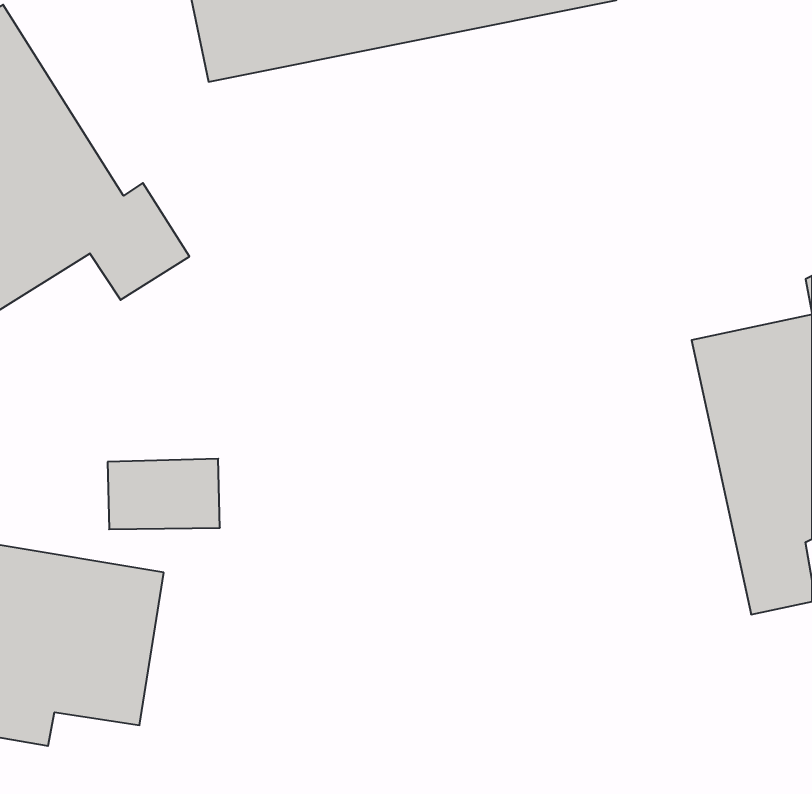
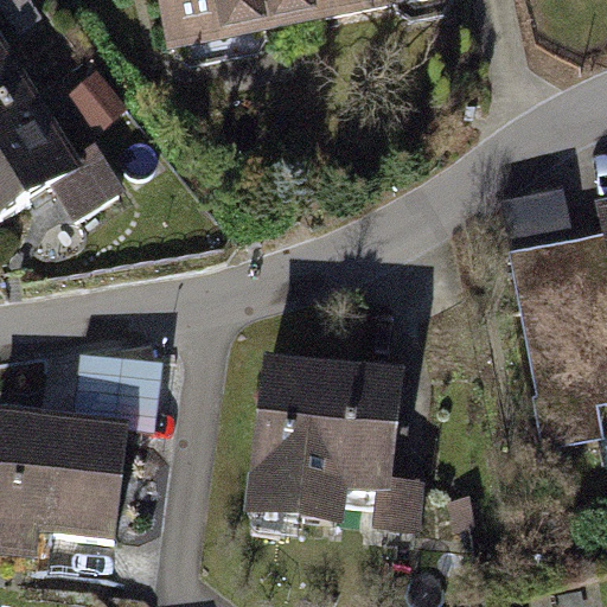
building: none -> [242,356,426,529]

